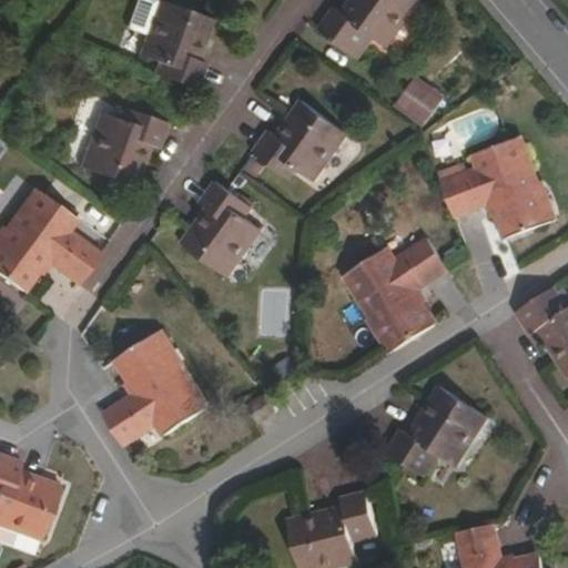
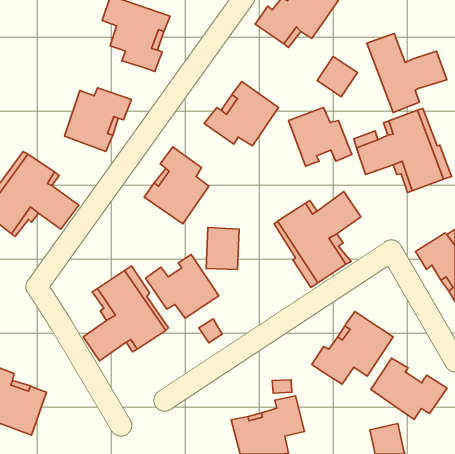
building: none -> [367,33,447,112]
building: none -> [288,107,352,166]
building: none -> [146,254,219,318]
building: none -> [371,358,447,419]

